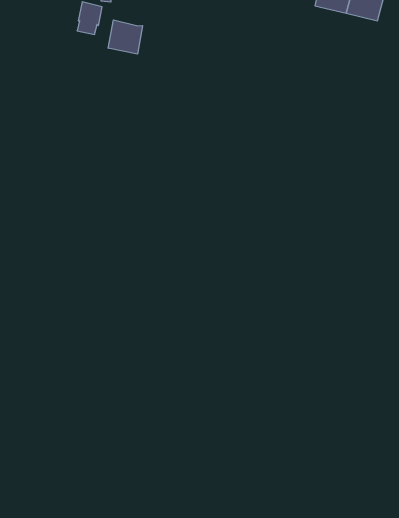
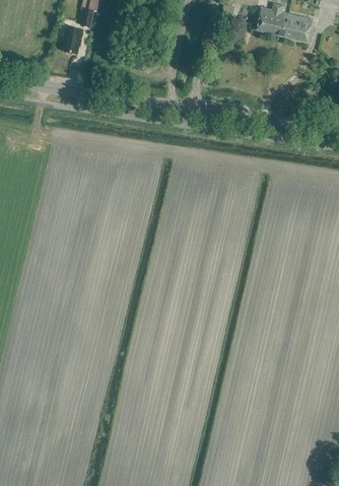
building: [108,20,143,54] -> none

